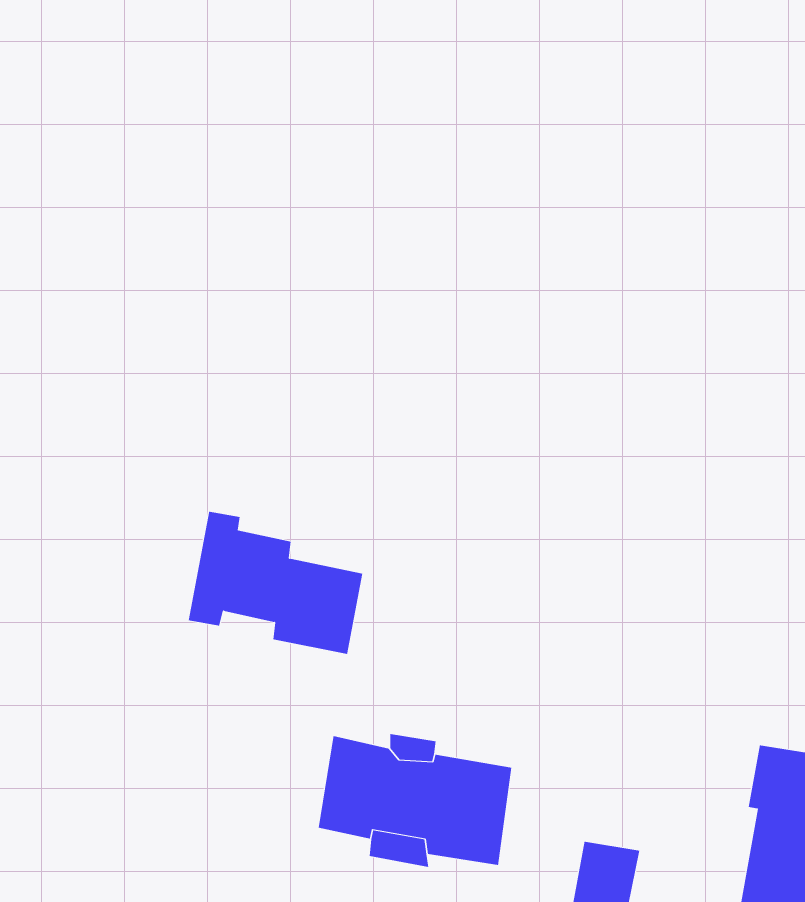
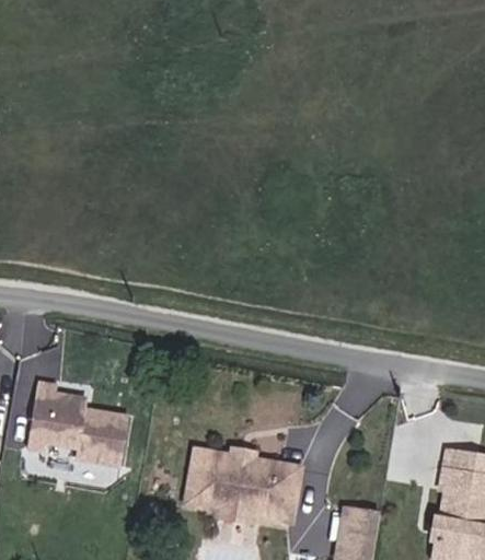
building: [188,511,363,655] -> [23,389,125,472]

